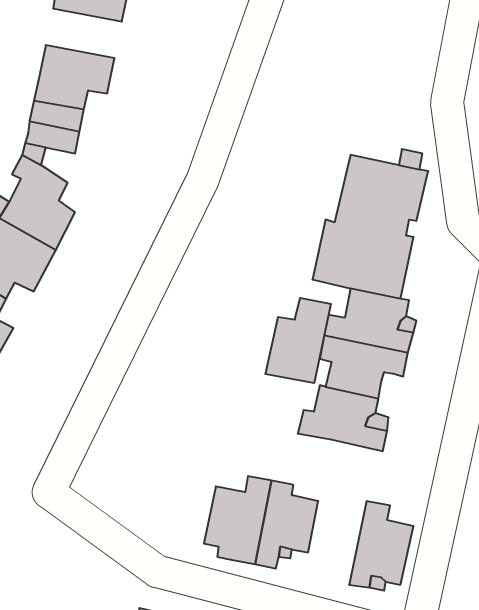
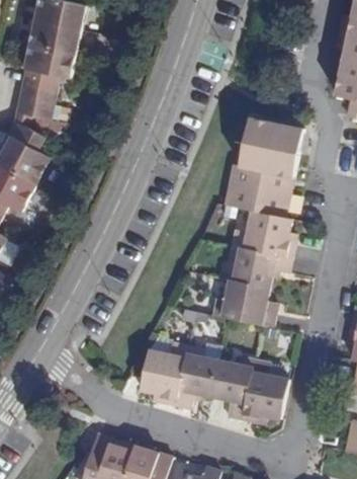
building: none -> [33,21,86,56]
building: [265,298,331,383] -> none
building: none -> [214,357,255,419]

